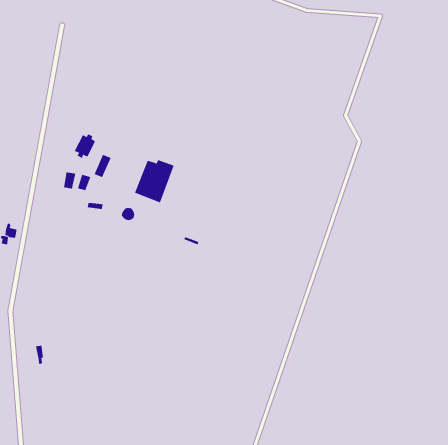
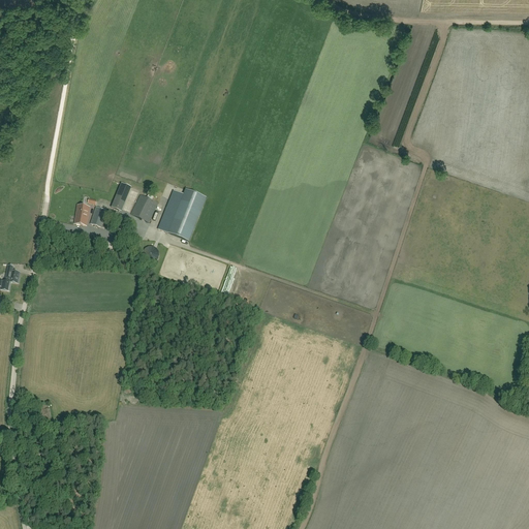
building: [74,134,96,159] -> [130,191,156,221]

